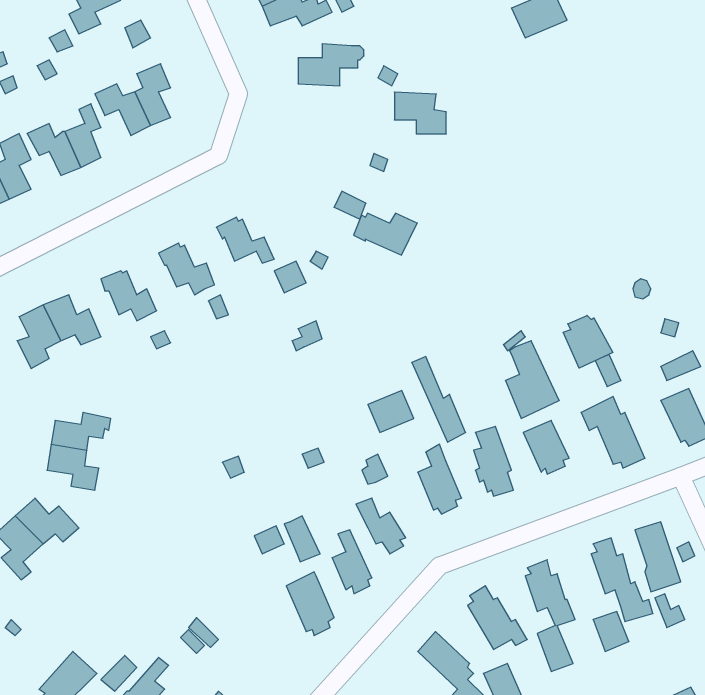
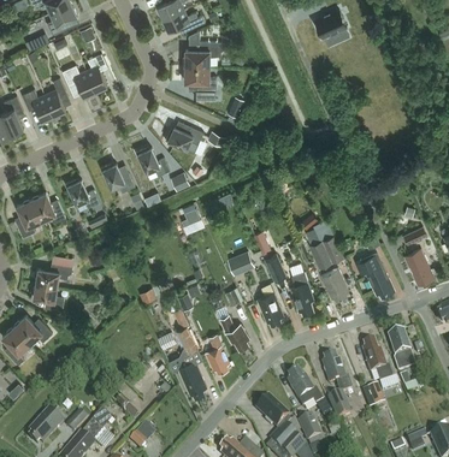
building: [394,92,446,134] -> [184,64,215,89]
building: [354,213,417,255] -> [165,125,203,150]
building: [563,315,613,368] -> none

